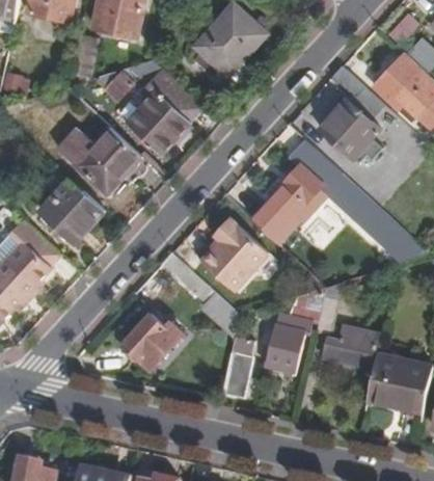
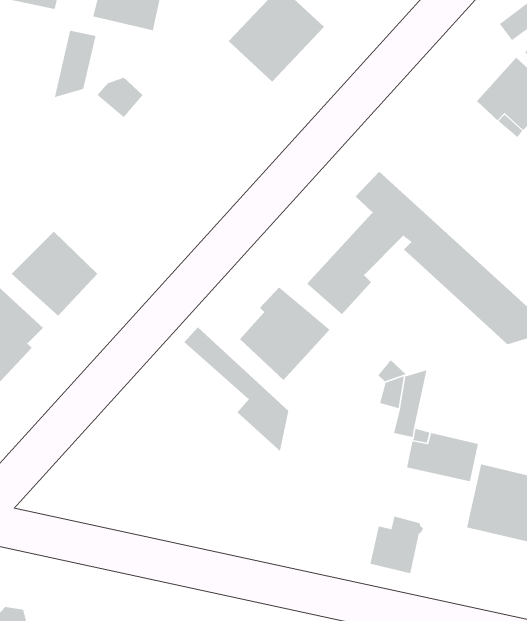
building: [321,68,387,166] -> none
building: [127,70,201,154] -> none
building: [59,127,140,193] -> none
building: [125,315,183,368] -> none
building: [267,322,306,365] -> [370,516,424,574]
building: [221,355,250,399] -> none

